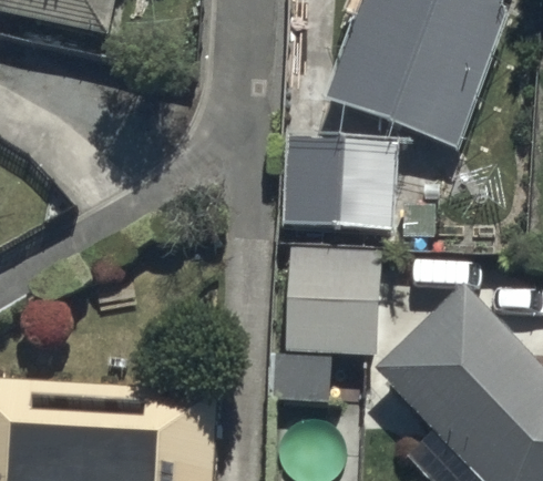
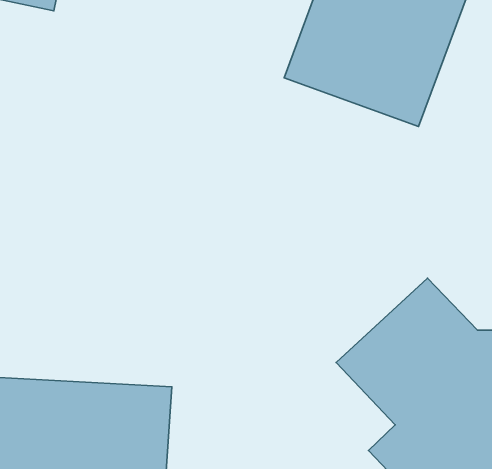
building: [284,145,433,235] -> none
building: [273,287,375,398] -> none

